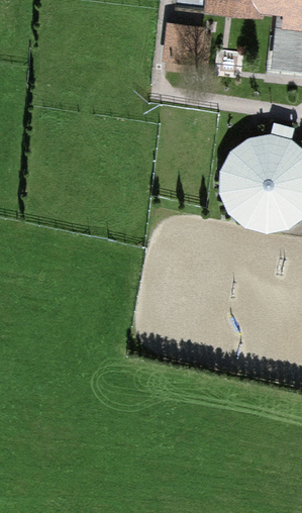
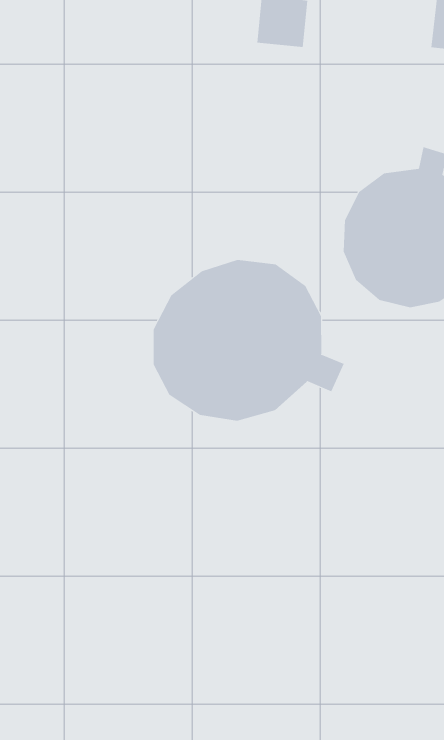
building: none -> [153,259,345,421]

